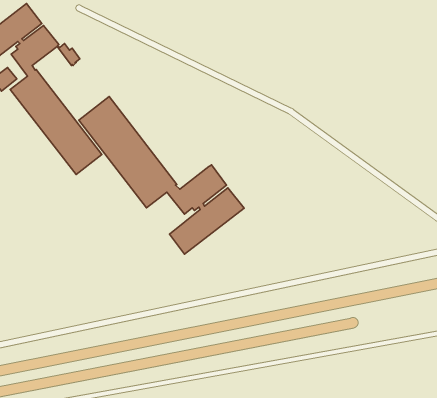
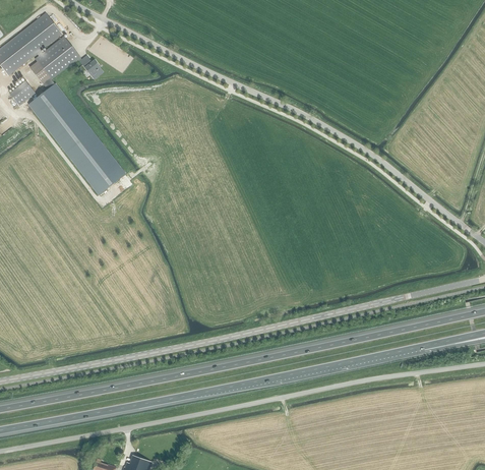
building: [79,97,244,254] -> none

